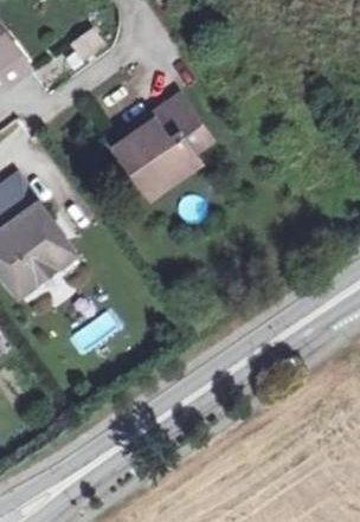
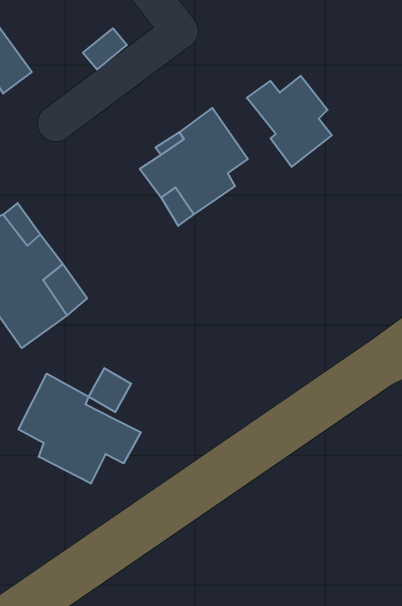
building: none -> [247,76,332,167]
building: none -> [19,374,141,484]

